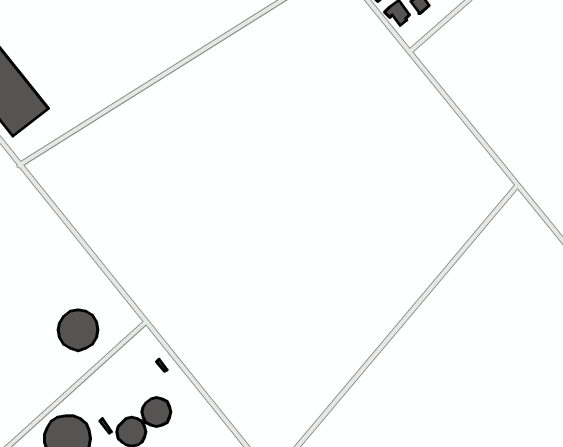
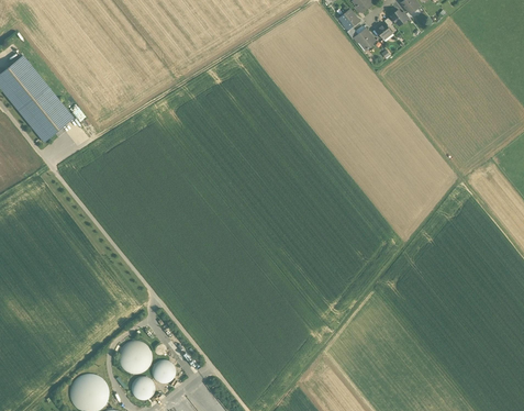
building: [58,310,98,351] -> [119,340,152,374]

